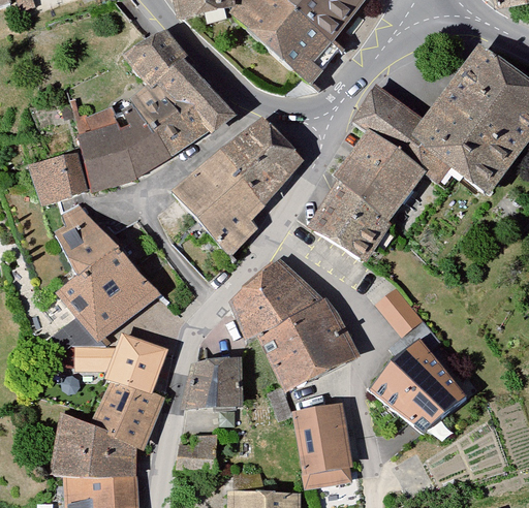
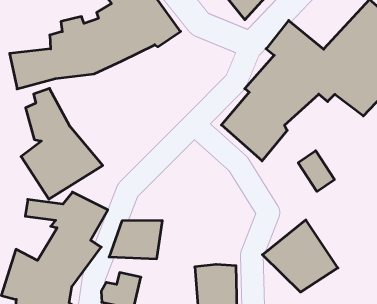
building: [170,119,304,258] -> none
building: [228,258,361,396] -> none
building: [381,284,430,336] -> [298,151,334,191]

